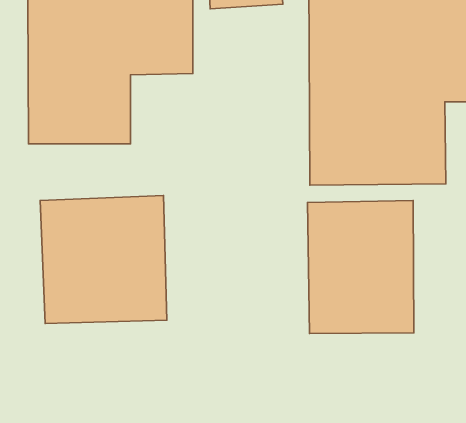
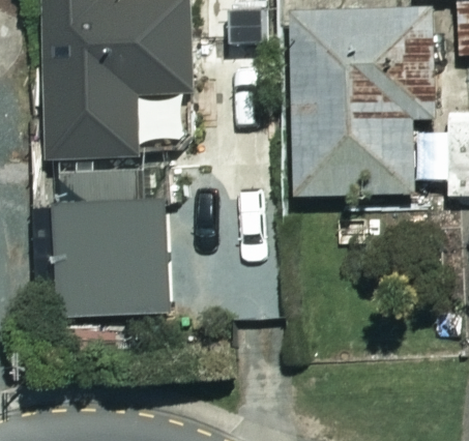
building: [308,200,414,333] -> none

